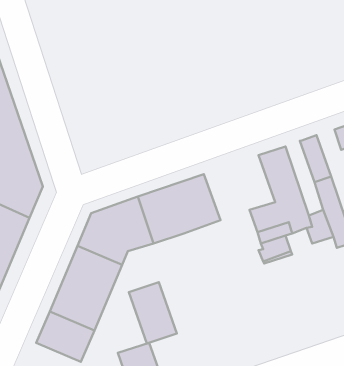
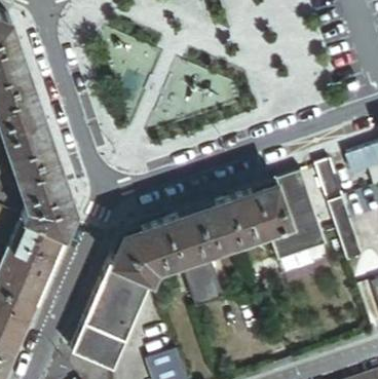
building: none -> [225,176,291,235]
building: [129,282,177,344] -> [179,248,223,304]

